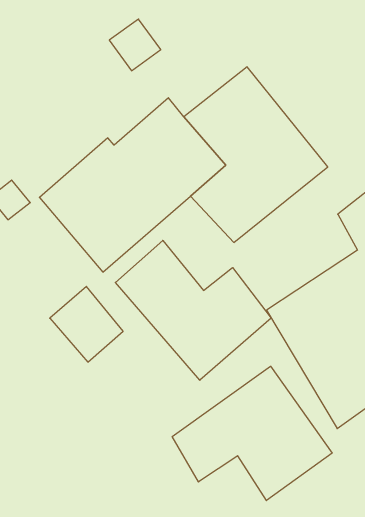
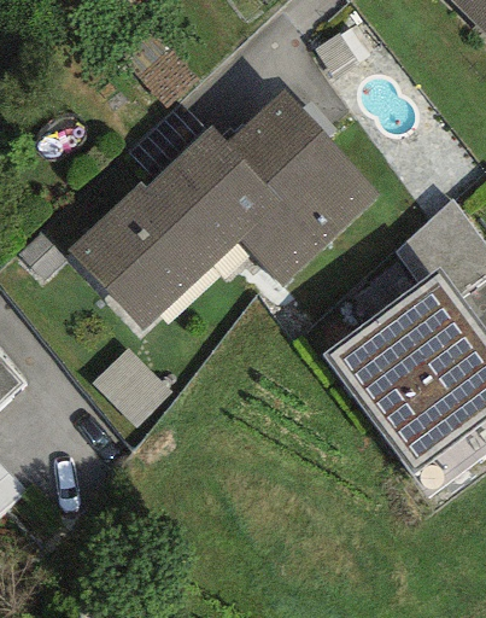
building: [115,240,271,380] -> none
building: [172,366,332,501] -> none

